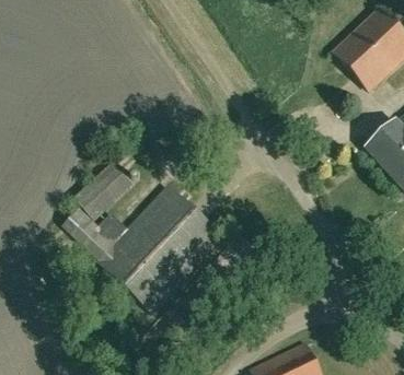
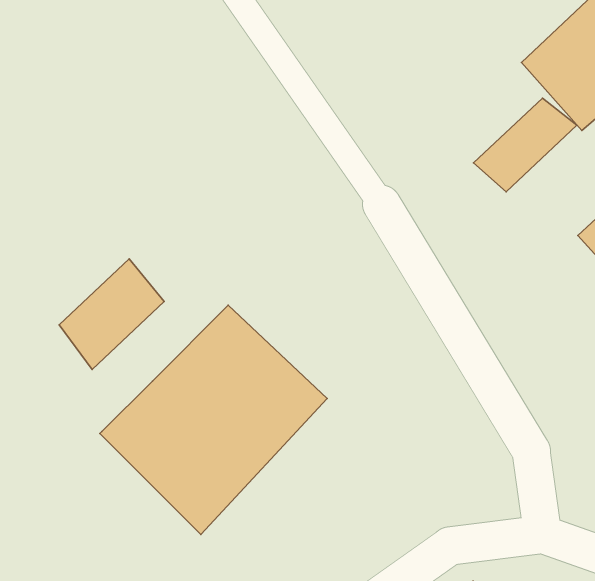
building: none -> [474,98,577,192]
building: [62,208,125,257] -> none

